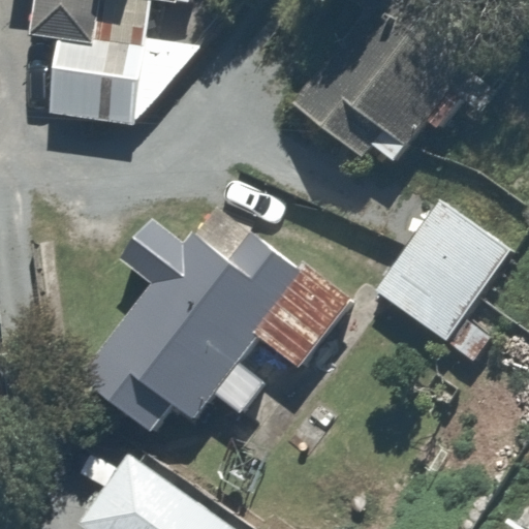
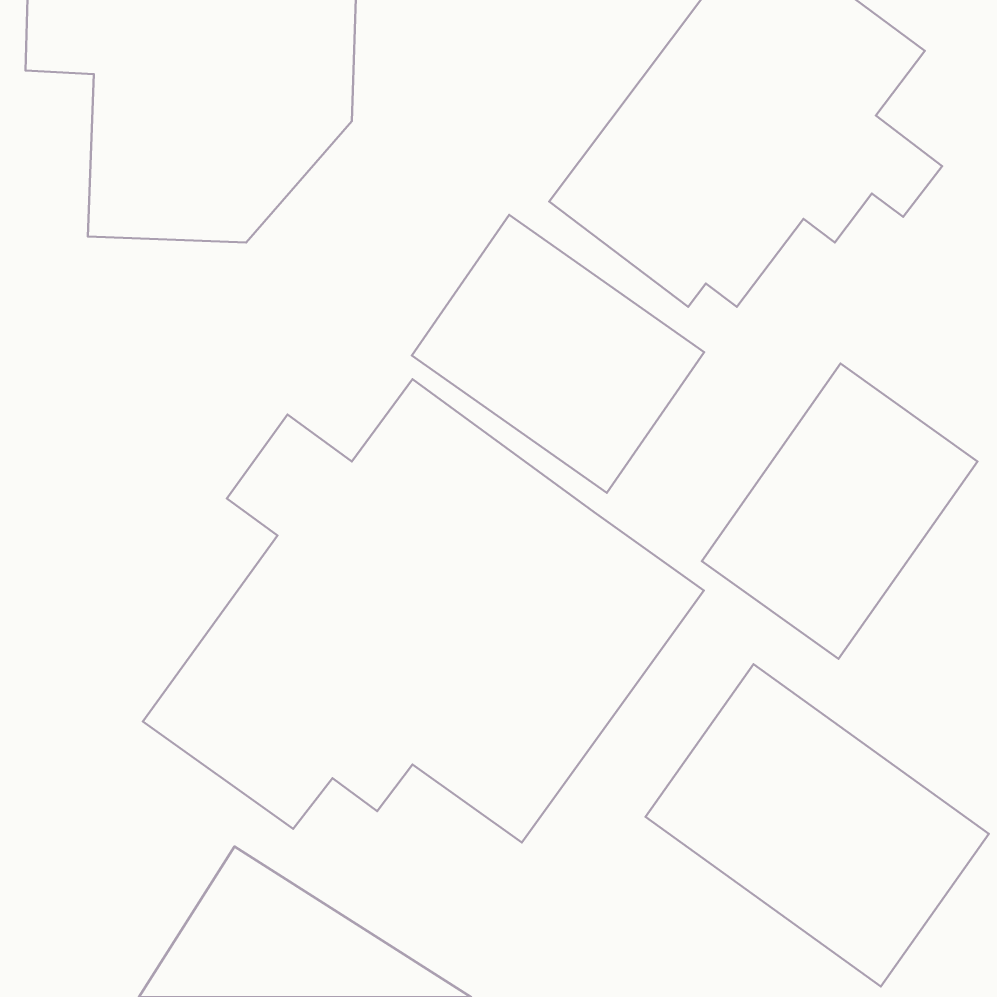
building: none -> [412,215,704,493]
building: none -> [645,664,989,986]

